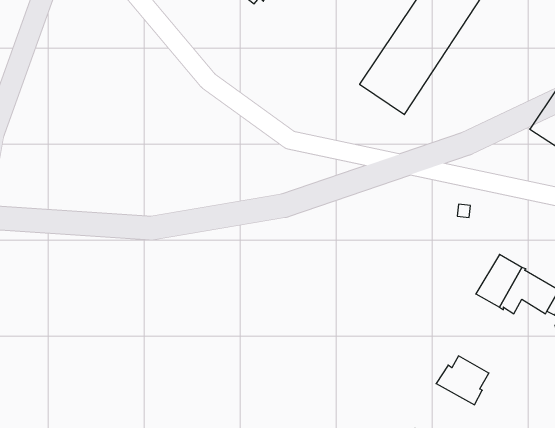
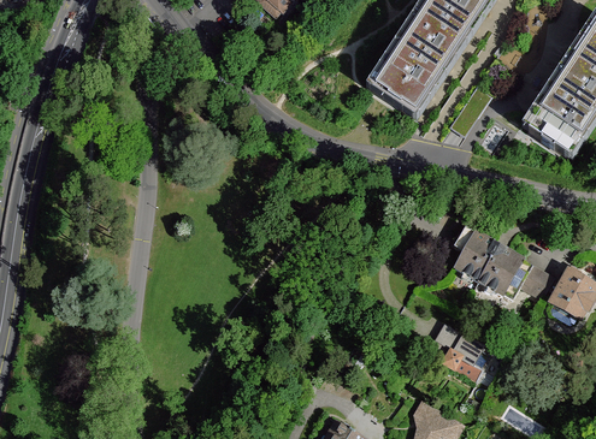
building: none -> [452,225,497,279]

